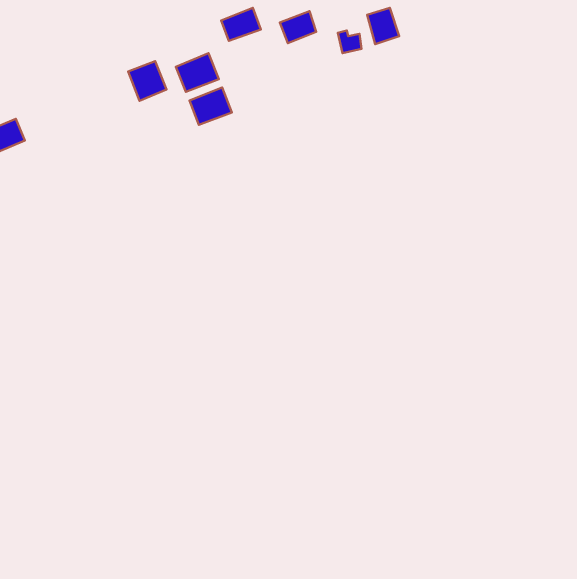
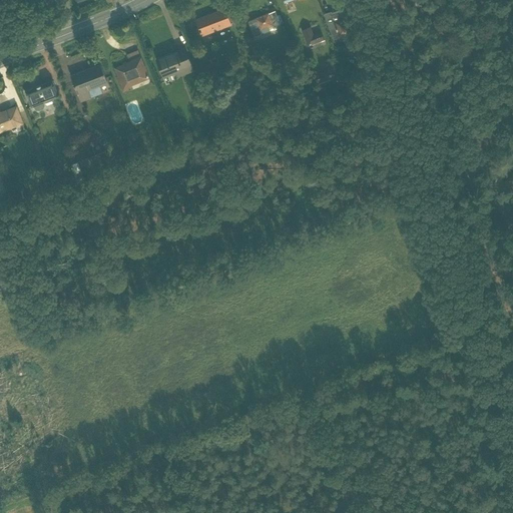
building: none -> [70,63,109,101]
building: none -> [23,77,57,108]
building: [190,87,232,125] -> none

